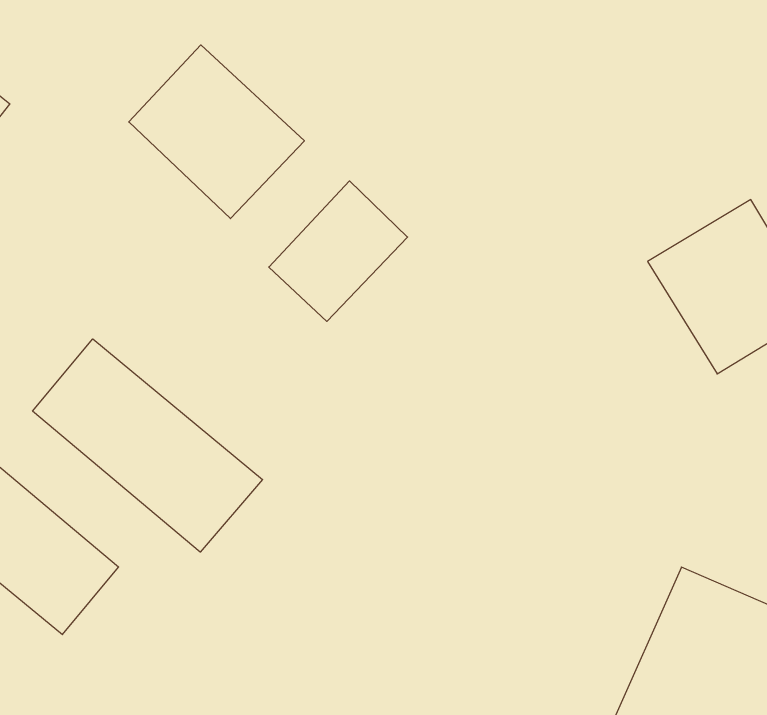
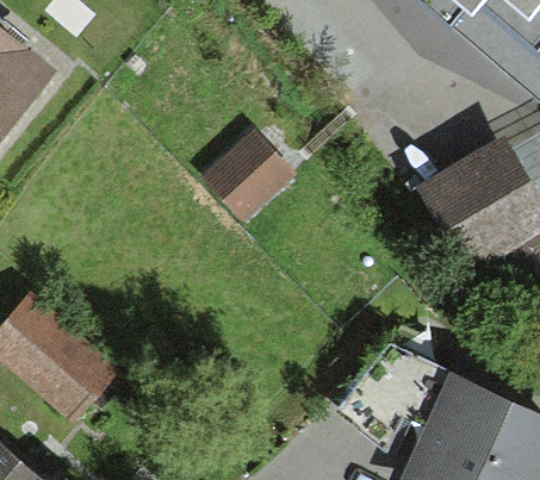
building: [129,45,304,219] -> none
building: [33,339,263,552] -> none

